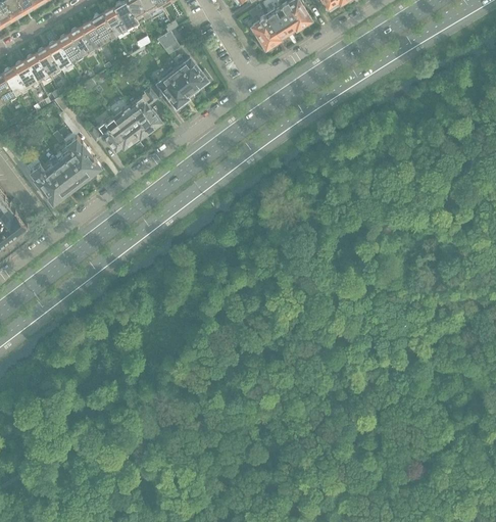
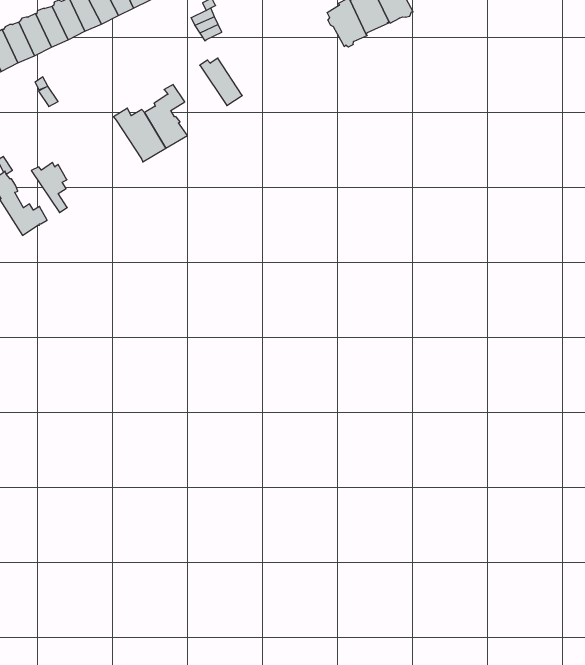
building: [171,54,208,90] -> none
building: [147,72,186,108] -> none
building: [51,112,99,180] -> none
building: [86,115,130,149] -> none
building: [43,156,76,190] -> none

